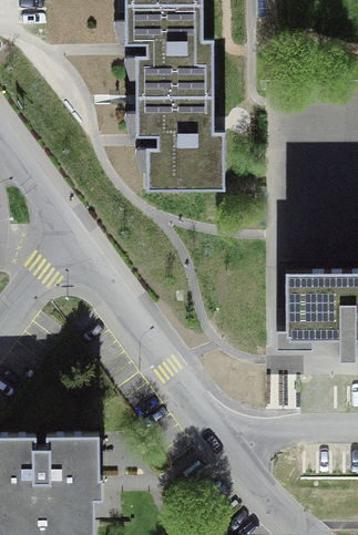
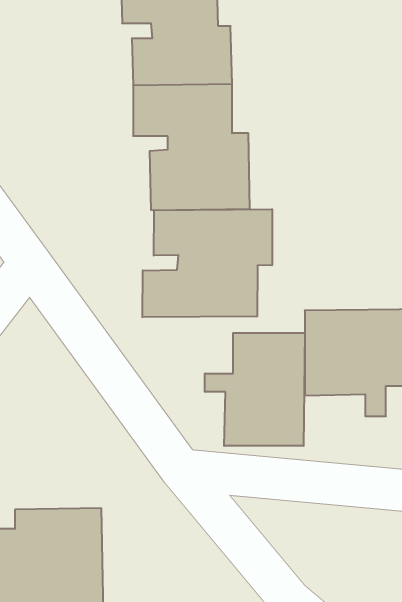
building: none -> [142,209,272,317]
building: none -> [205,333,305,446]

